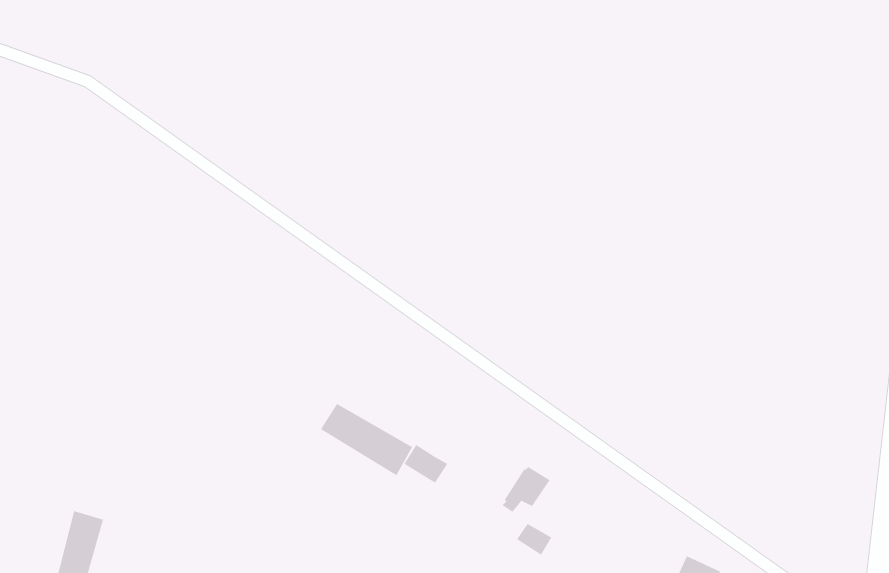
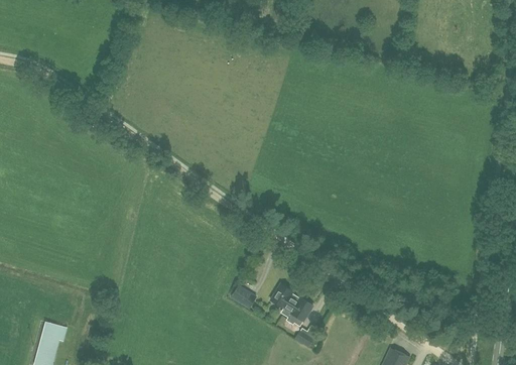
building: [320,403,413,476] -> none
building: none -> [270,283,298,317]

